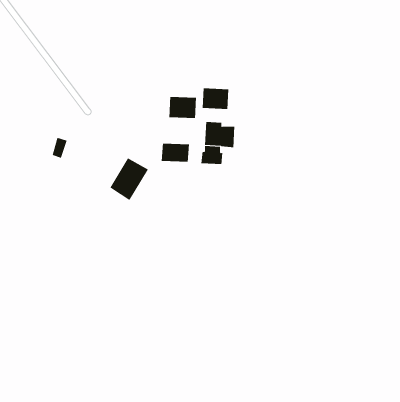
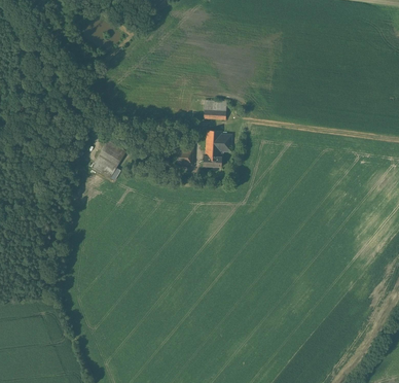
building: [169,96,196,119] -> none
building: [109,158,149,201] -> [93,140,126,177]

